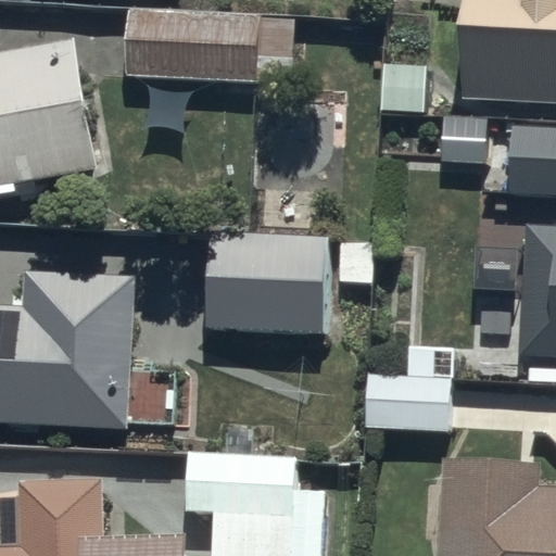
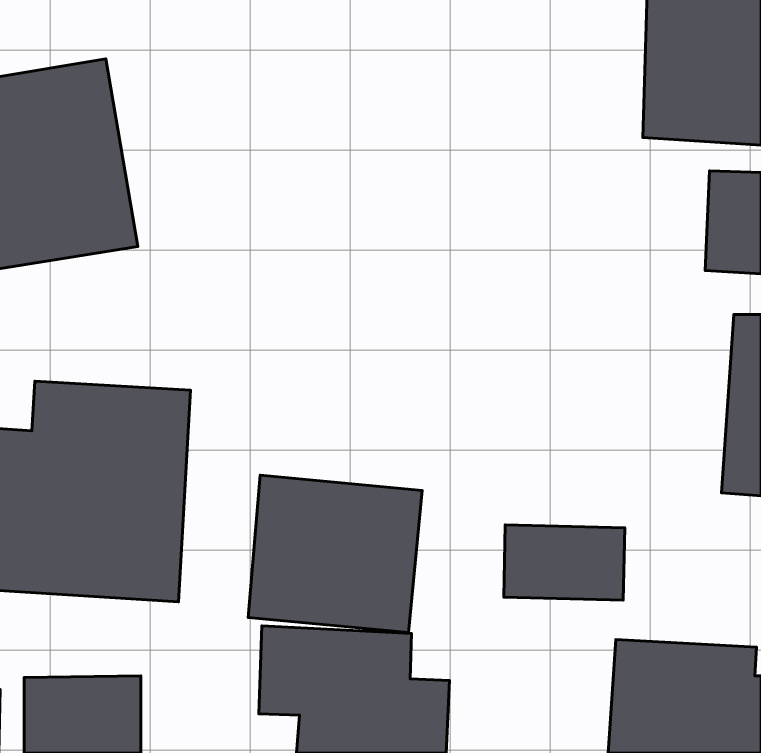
building: [123,10,290,80] -> none
building: [205,225,330,338] -> [248,475,422,632]

